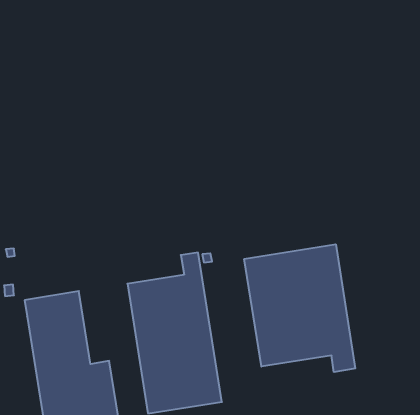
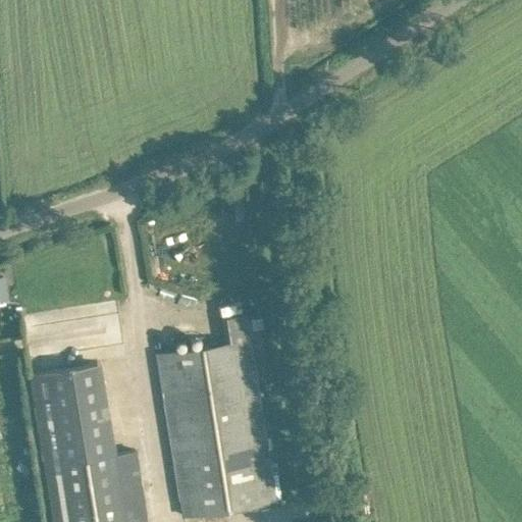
building: [244,244,355,372] -> none

